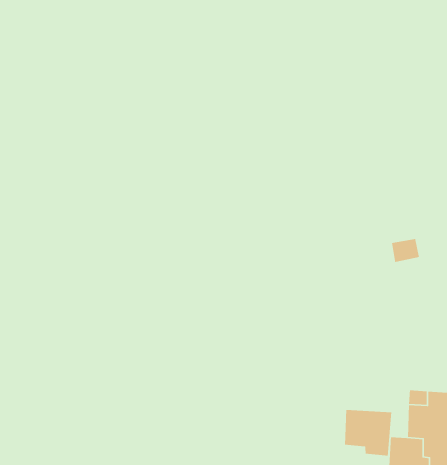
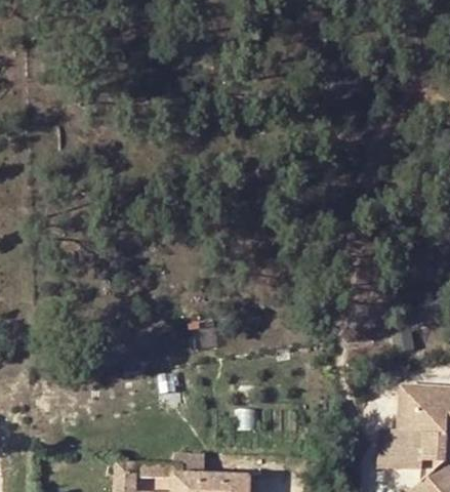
building: [344,409,392,457] -> none

